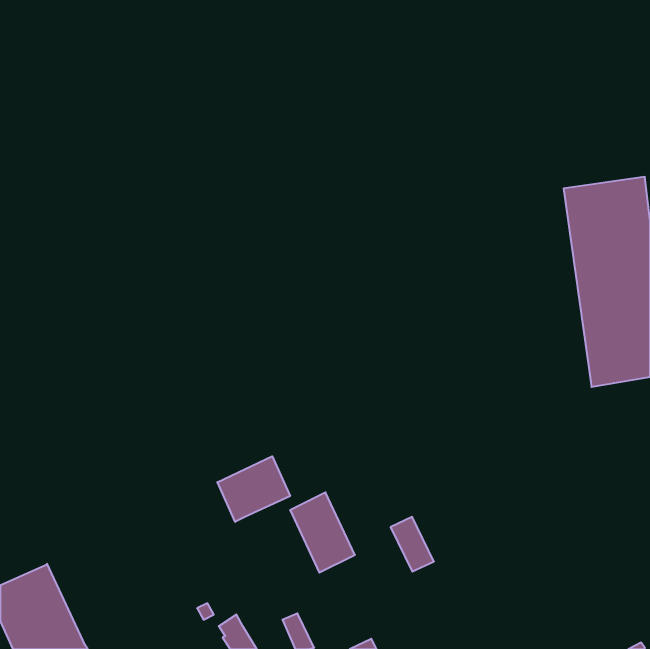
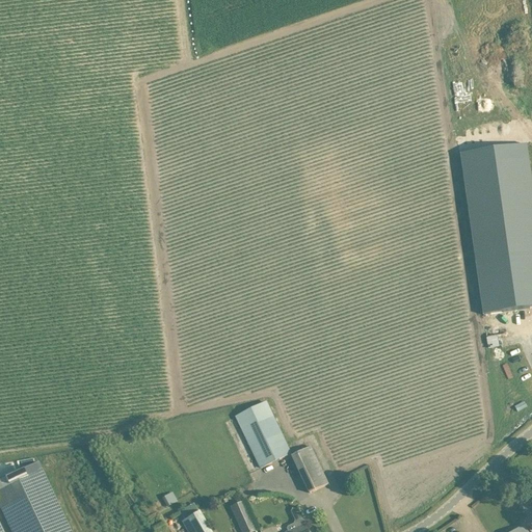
building: [217,456,290,522] -> none
building: [391,517,434,572] -> [292,447,327,491]

